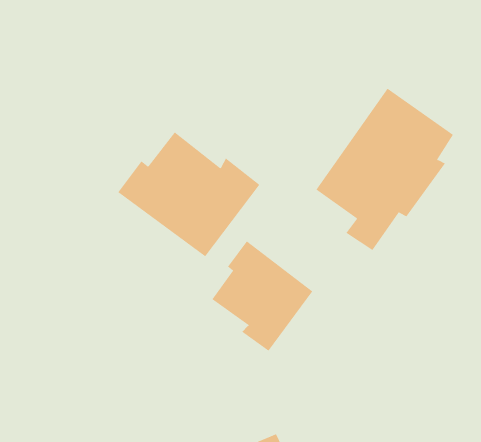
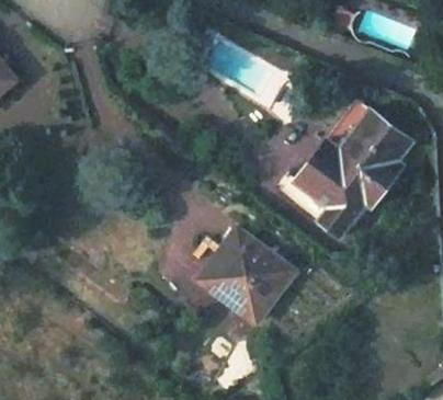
building: [118,131,260,257] -> none

